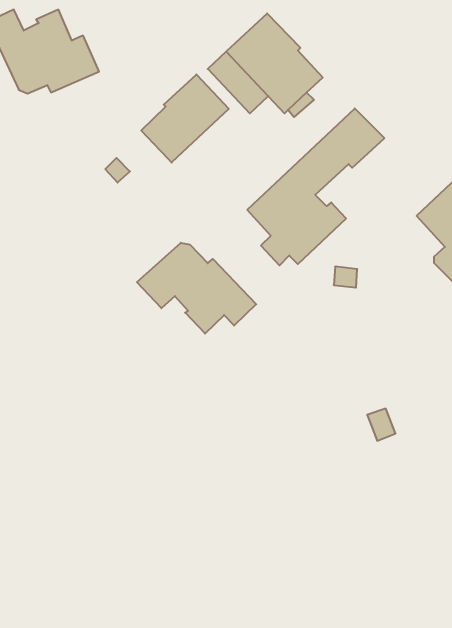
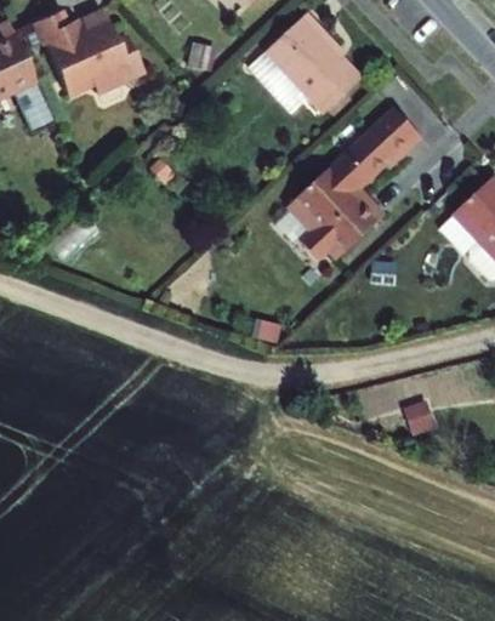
building: [141,74,229,163] -> none
building: [137,243,256,334] -> none

